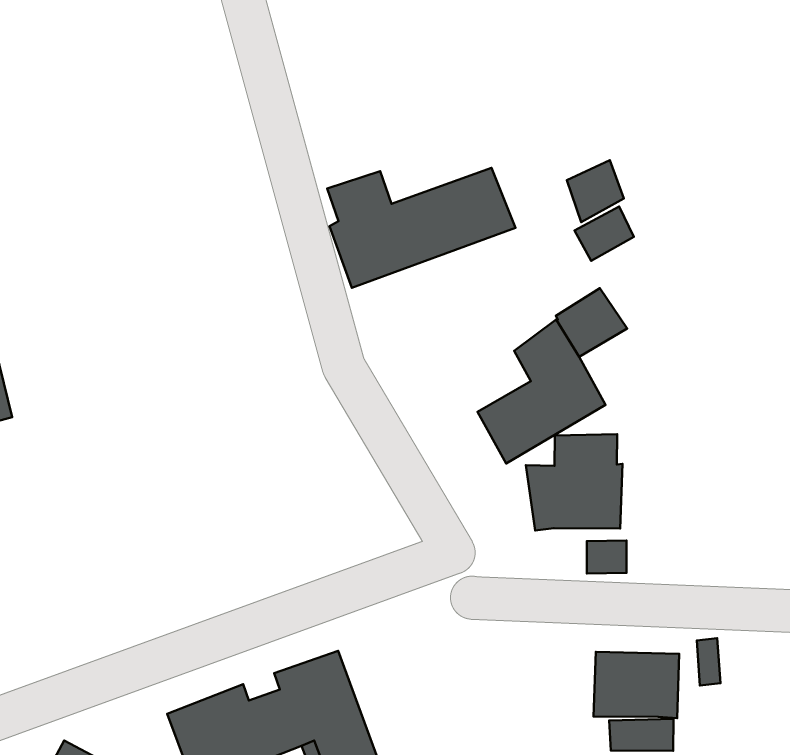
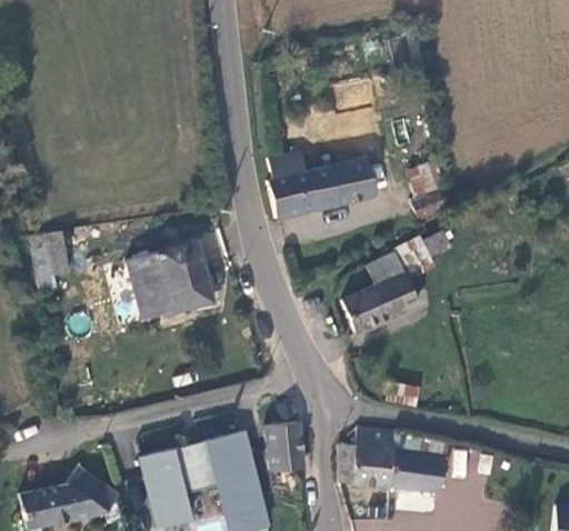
building: none -> [128,242,211,319]
building: [526,434,622,530] -> [339,428,396,487]
building: none -> [266,421,303,470]

